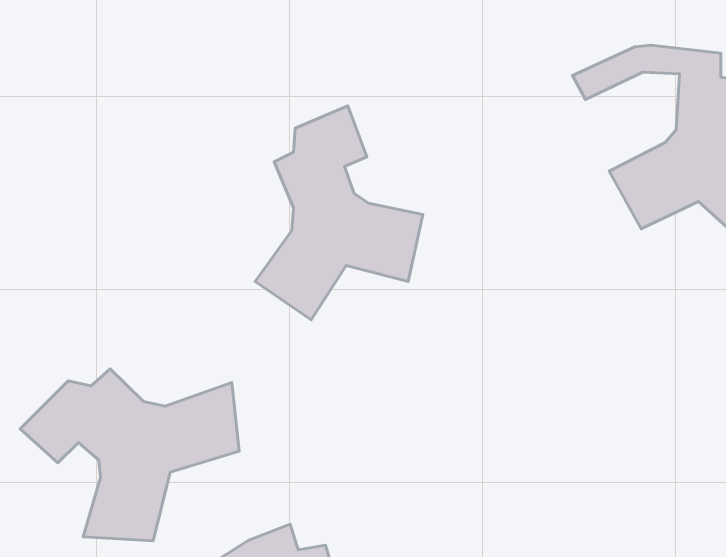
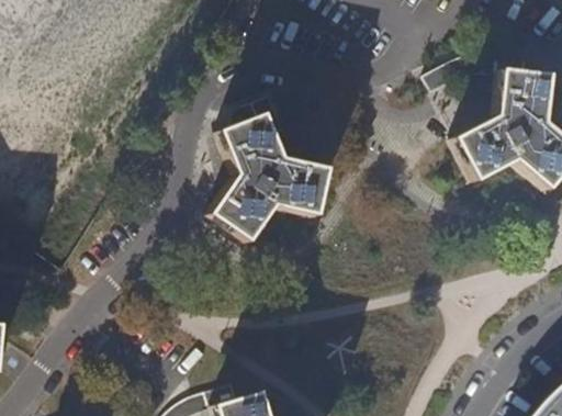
building: [20,369,239,541] -> none

